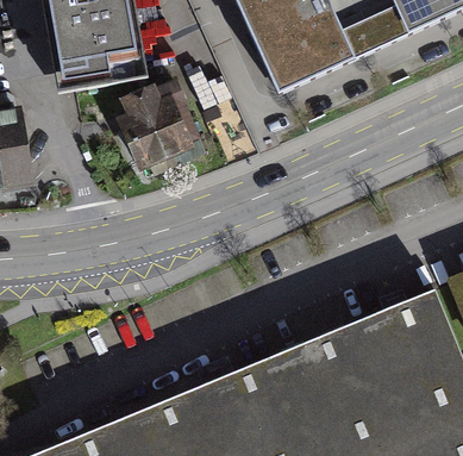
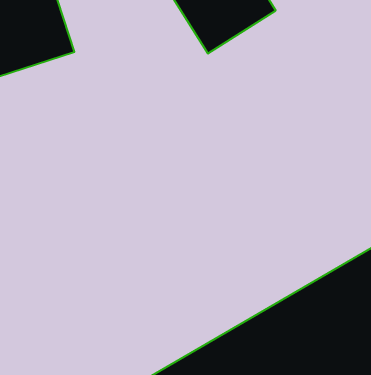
building: [119,92,190,164] -> none

